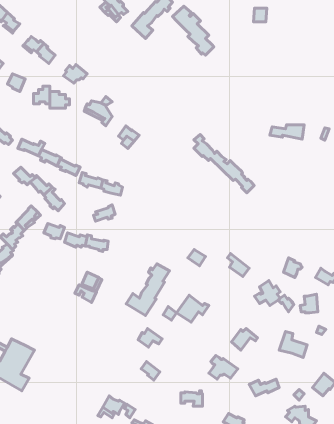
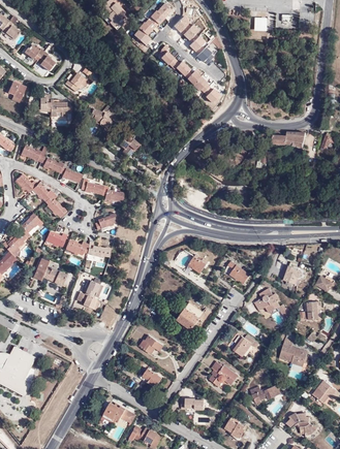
building: [194,135,254,193] -> [160,44,220,102]
building: none -> [33,259,66,286]
building: [126,264,169,315] -> none

